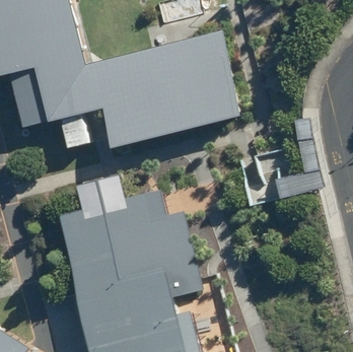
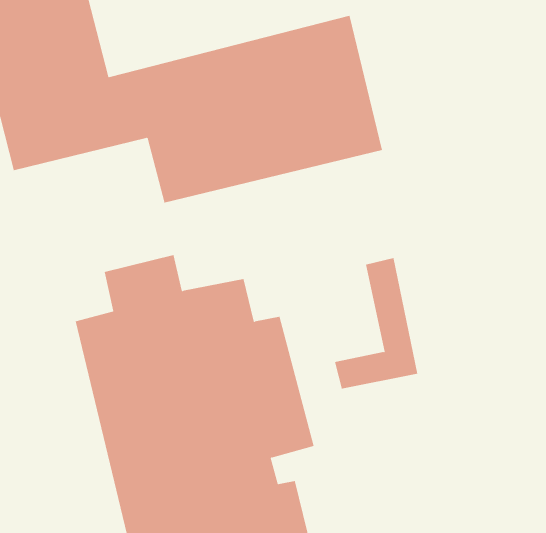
building: [273,118,323,196] -> [334,258,418,389]

